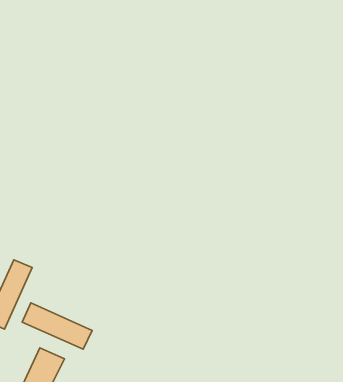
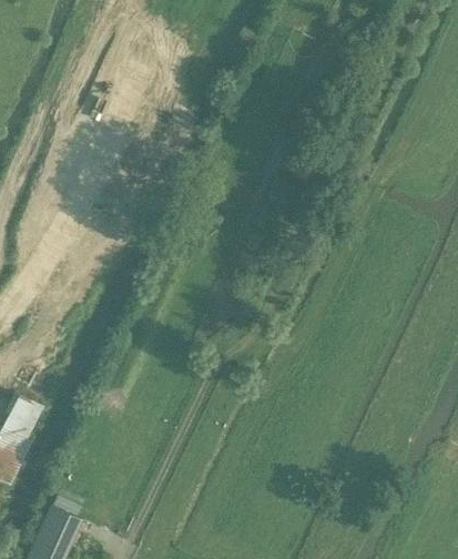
building: [22,303,92,349] -> none

